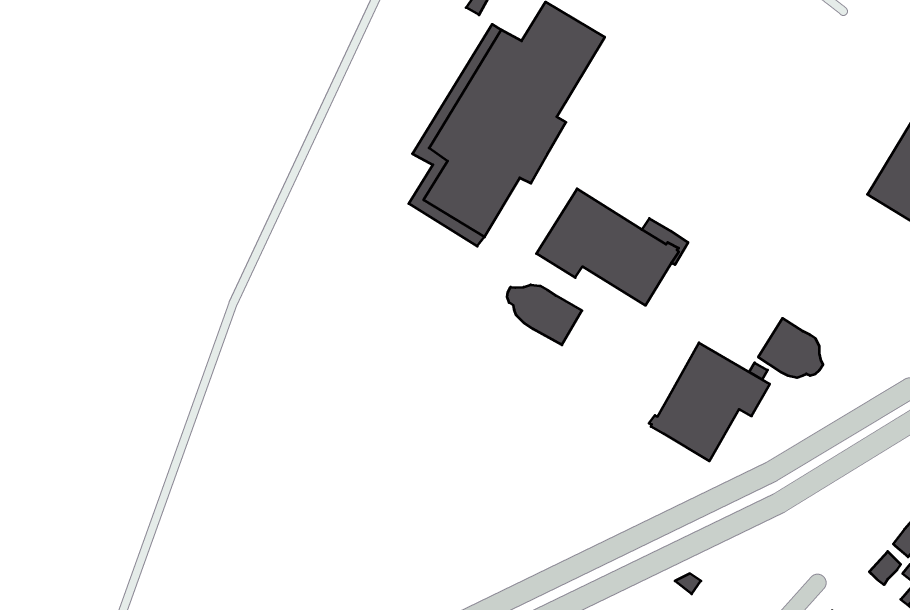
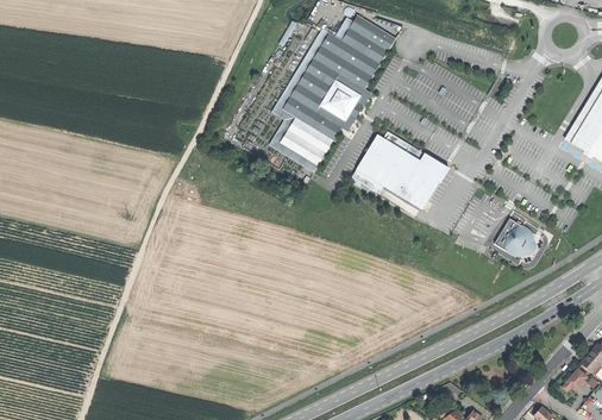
building: [507,285,582,345] -> none
building: [649,343,770,461] -> none

